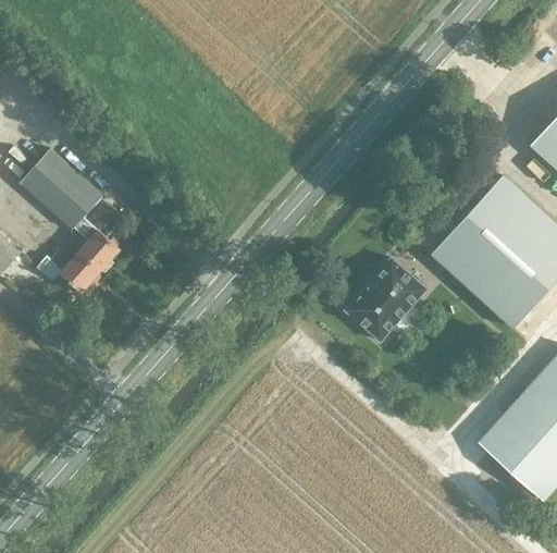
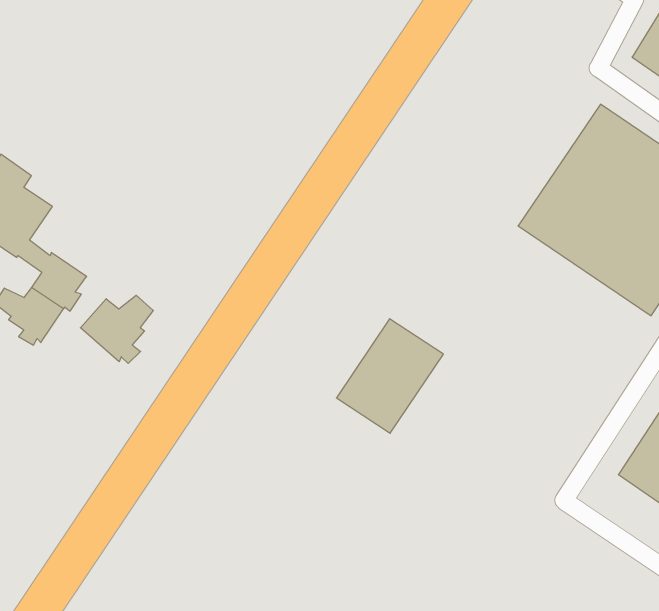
building: [345,257,425,339] -> [336,319,443,433]
building: none -> [80,295,153,363]

